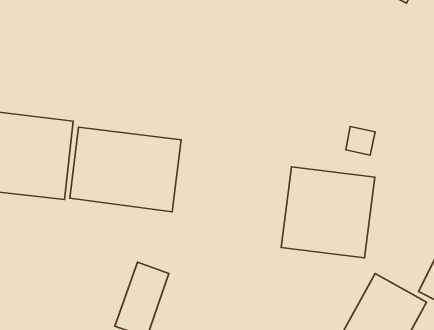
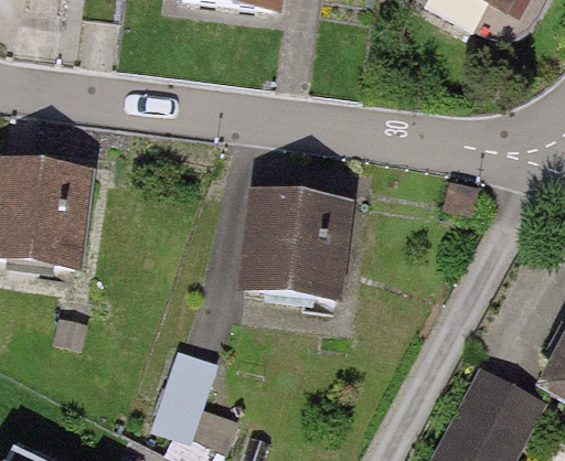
building: [70,127,181,212] -> none
building: [281,167,375,258] -> [237,185,356,301]

